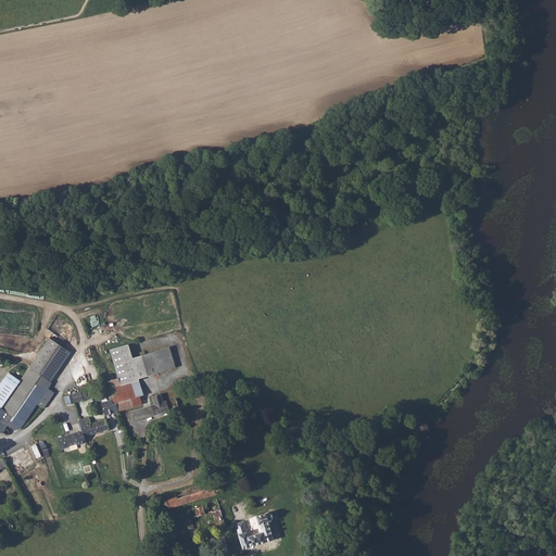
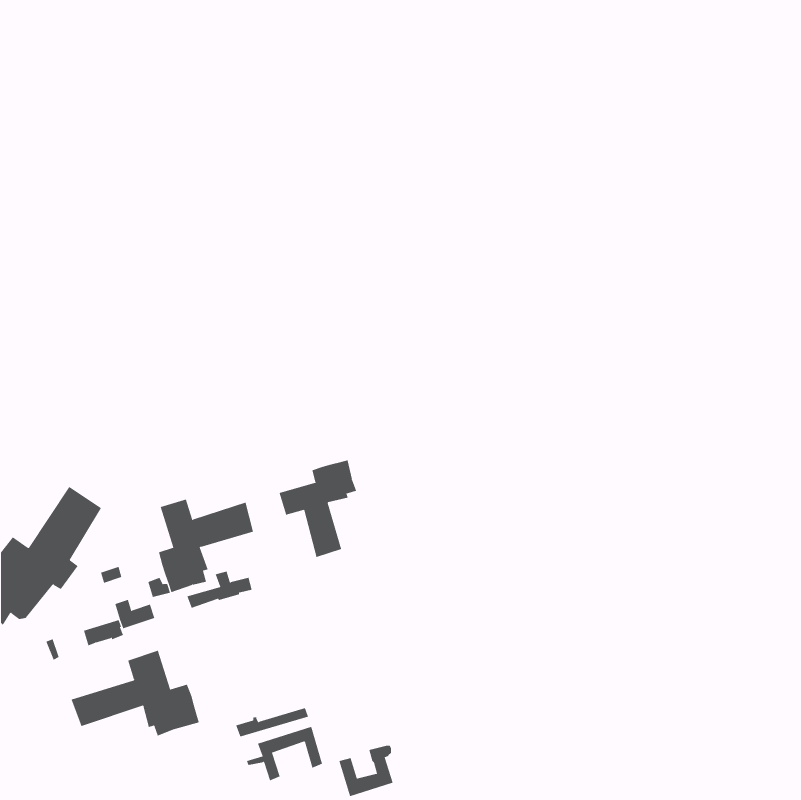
building: none -> [279,460,357,558]
building: none -> [71,650,200,737]

